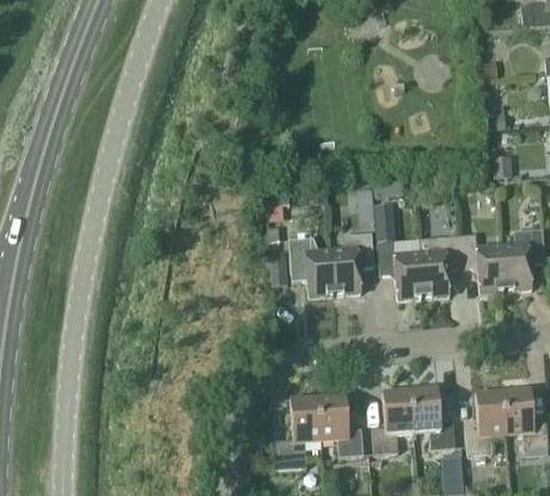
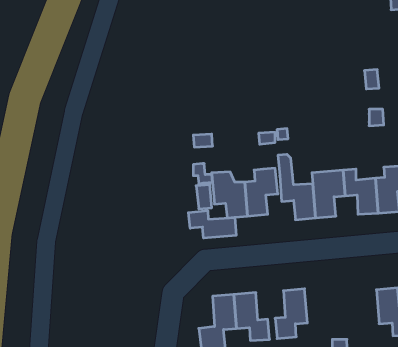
building: none -> [188,211,236,238]
building: [409,386,454,448] -> none
building: [464,390,506,454] -> none

